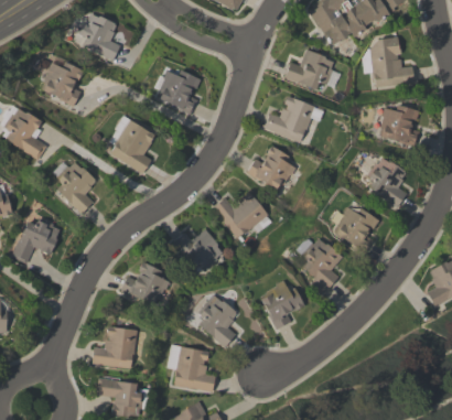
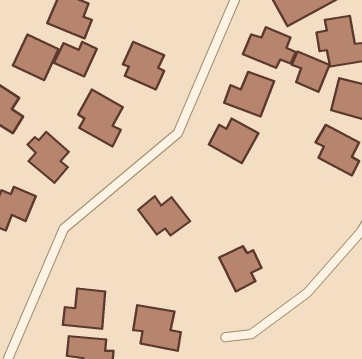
building: none -> [54,42,97,77]
building: none -> [292,52,329,92]
building: [213,191,271,243] -> none
building: [330,202,377,255] -> none
building: [297,236,342,295] -> none
building: [120,262,172,308] -> none
building: [193,289,238,347] -> none

